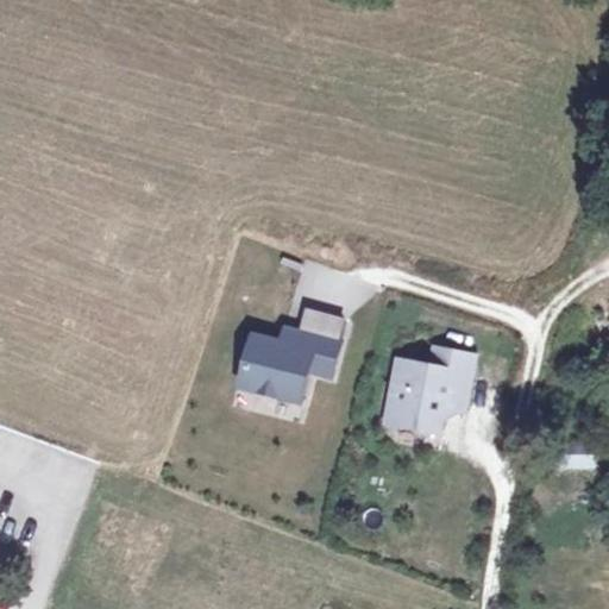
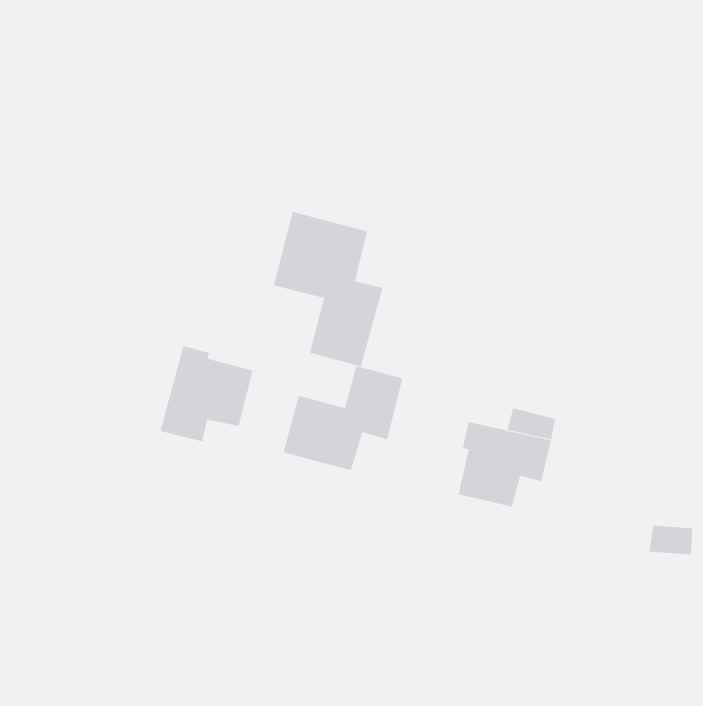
building: none -> [273,211,383,367]
building: none -> [160,345,253,442]

